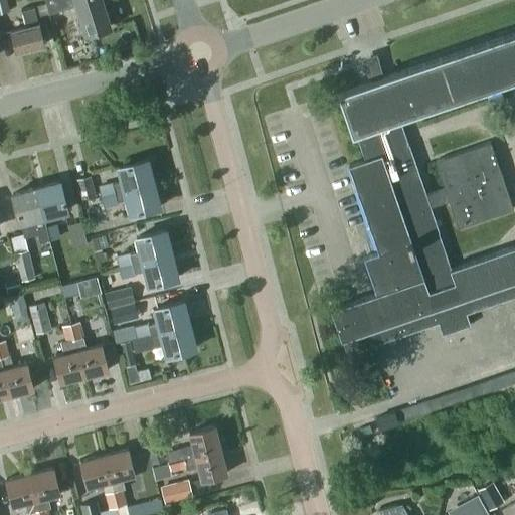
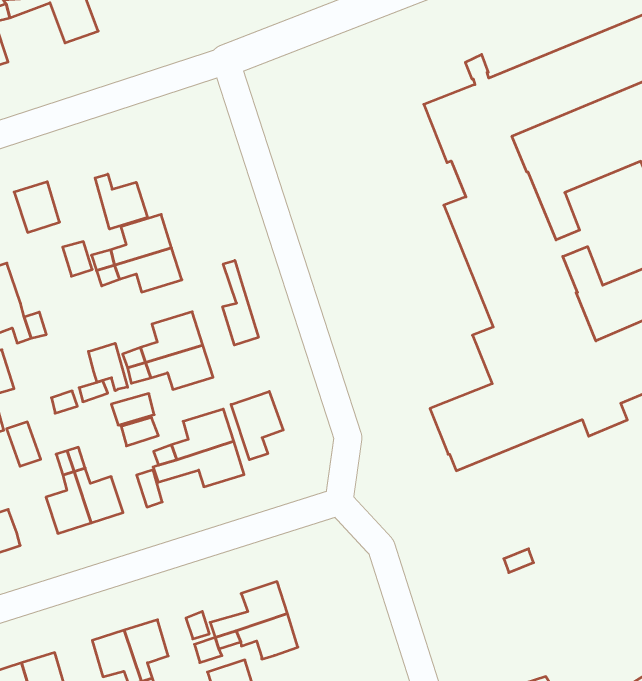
building: none -> [95,174,148,229]
building: [36,185,67,220] -> [14,182,60,232]
building: none -> [223,260,258,345]
building: none -> [88,343,128,391]
building: none -> [231,391,283,460]

